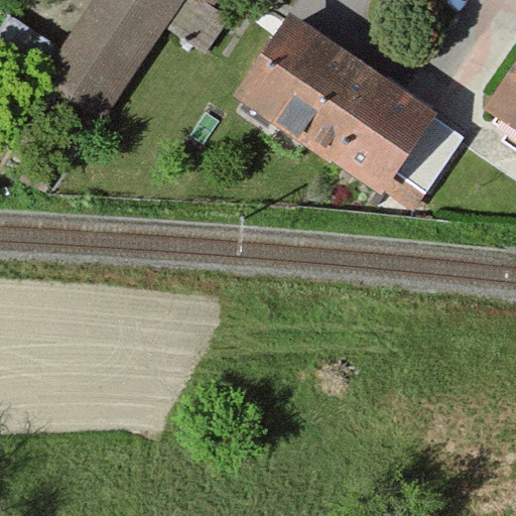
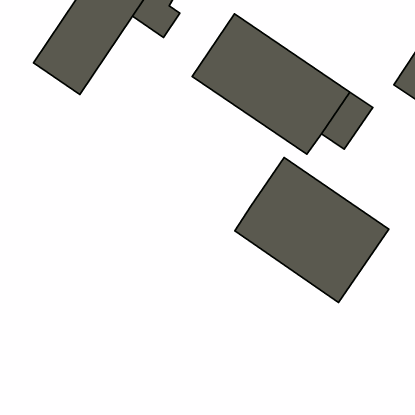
building: none -> [235,157,389,303]

